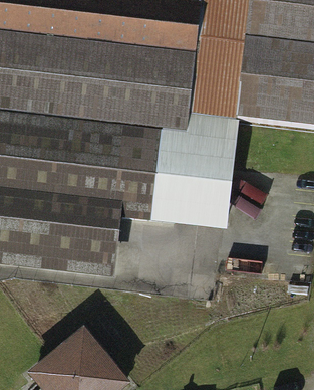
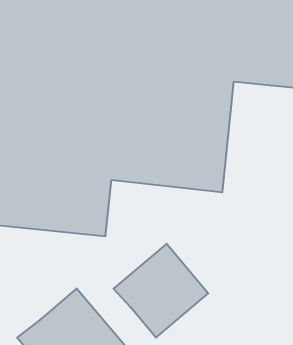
building: none -> [113,244,208,338]

